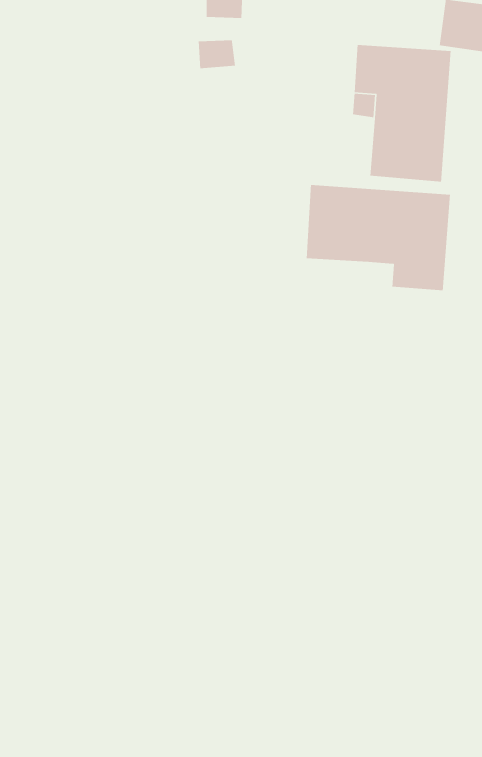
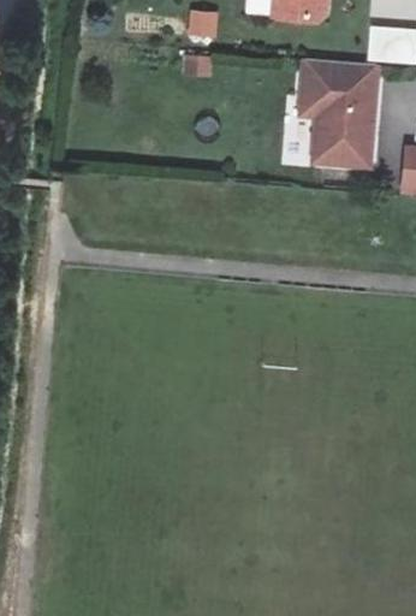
building: [306,184,451,291] -> none

